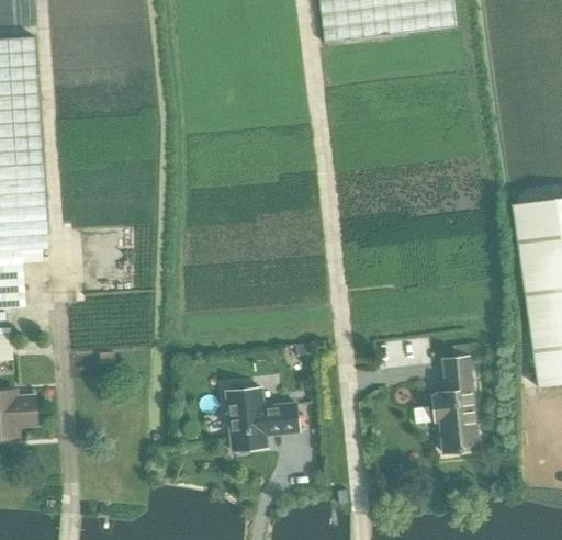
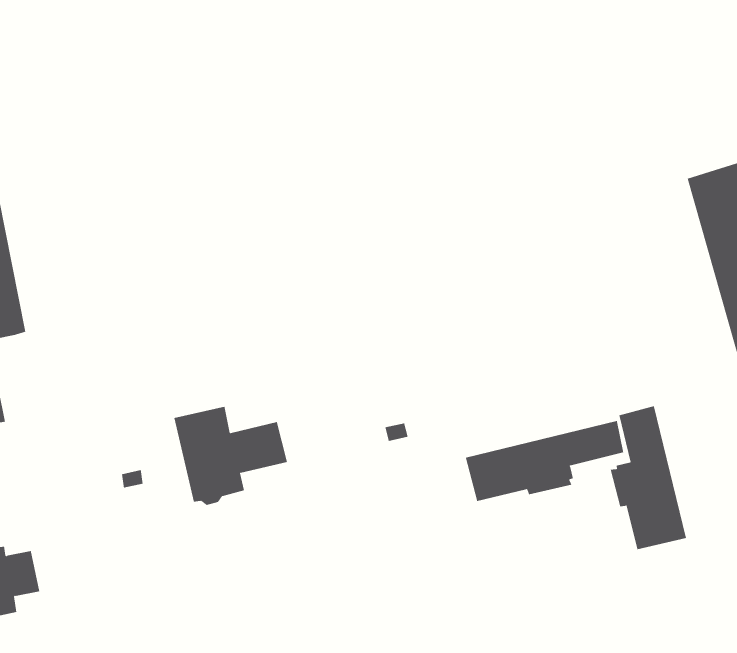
building: none -> [465,420,624,502]
building: [225,386,299,452] -> [174,406,288,505]

